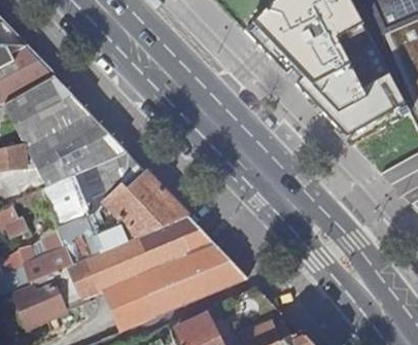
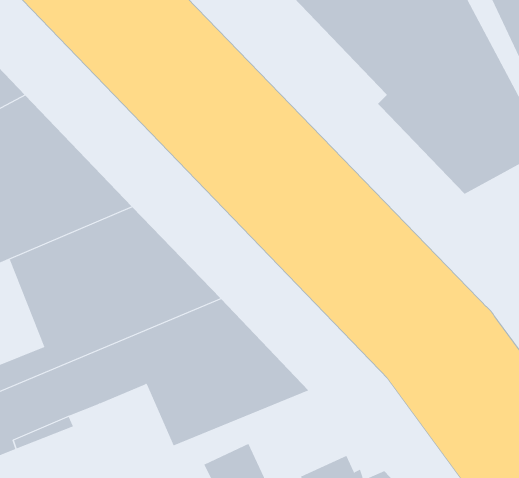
building: [106,273,156,330] -> none

